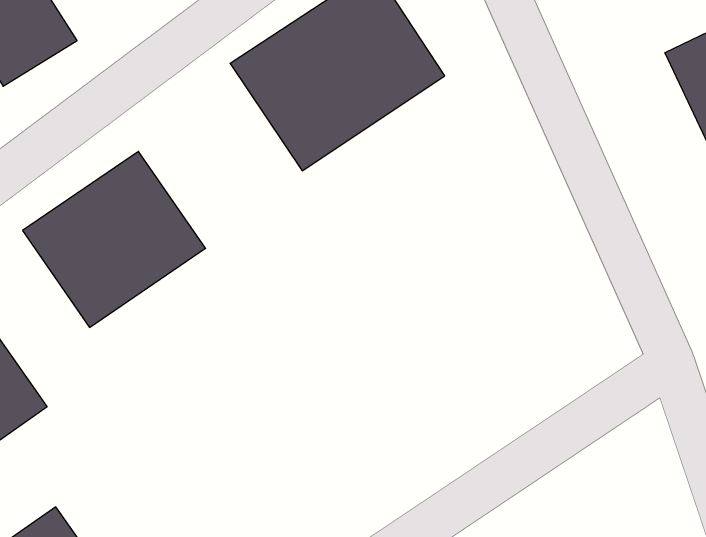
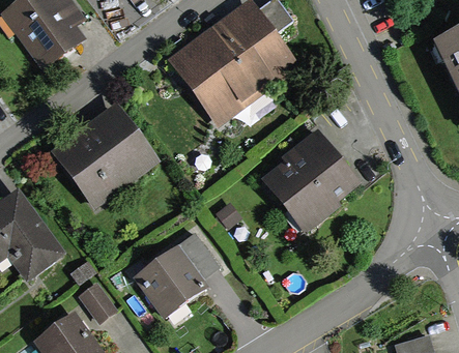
building: none -> [258,126,360,227]
building: none -> [135,234,219,315]
building: none -> [76,281,117,324]

